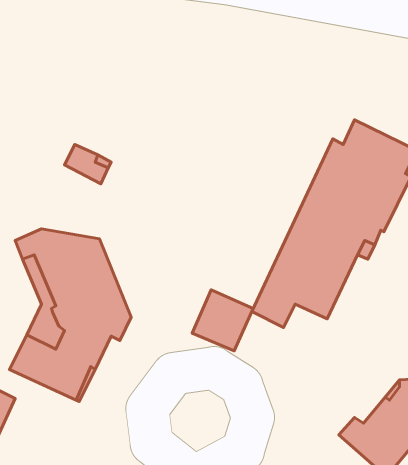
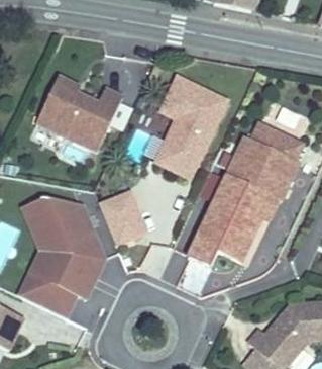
building: none -> [32,70,122,149]
building: none -> [156,77,225,175]
building: none -> [99,191,145,242]

